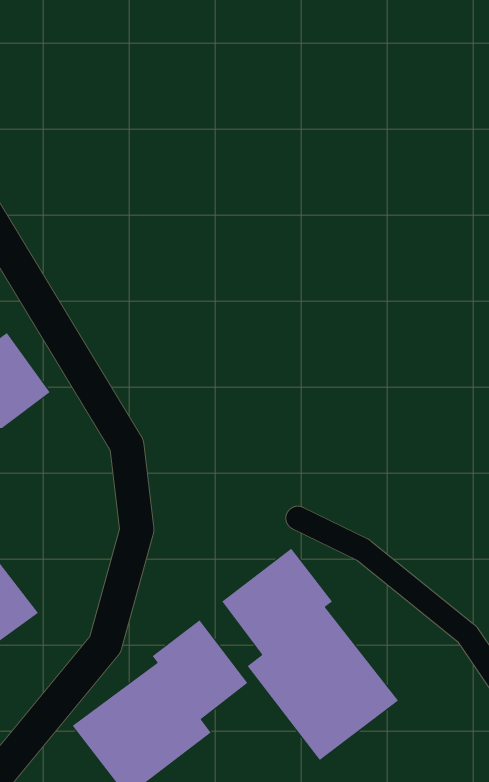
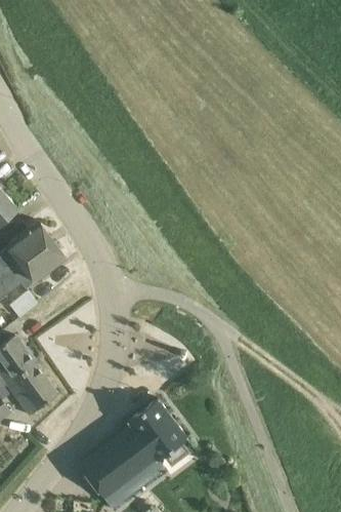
building: [222,548,399,761] -> none

